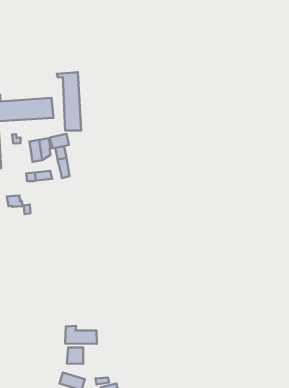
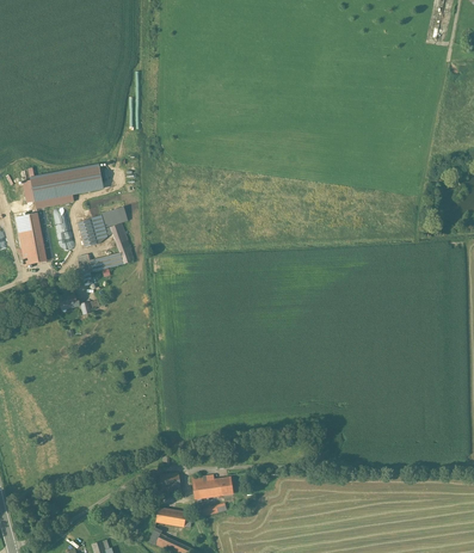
building: [57,72,81,131] -> none
building: [65,326,97,344] -> [191,474,233,498]

